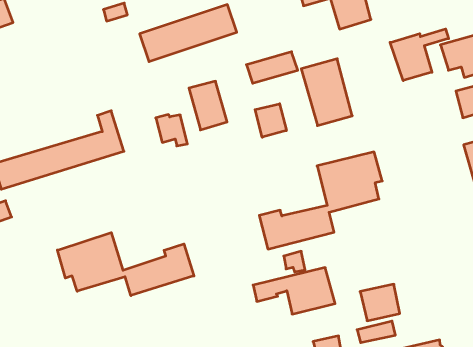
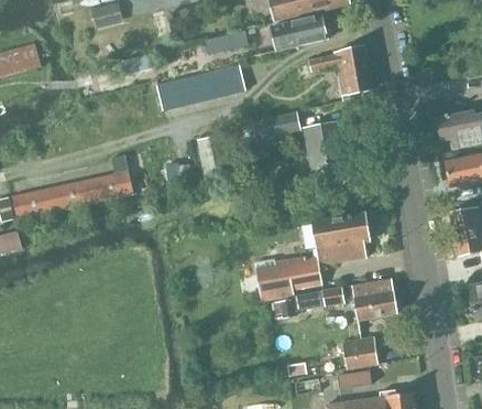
building: [390,29,449,81] -> none
building: [255,104,286,137] -> none
building: [57,233,194,296] -> none
building: [253,268,335,314] -> [322,279,397,320]

